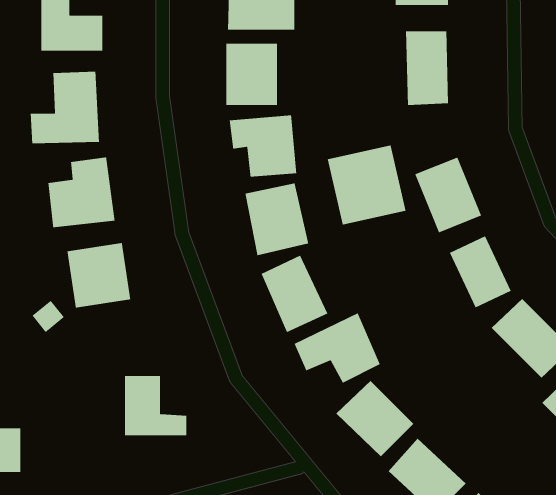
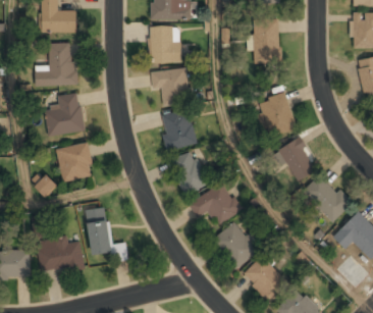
building: [327,144,406,225] -> none
building: none -> [37,239,85,273]

